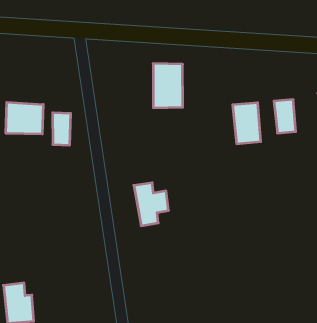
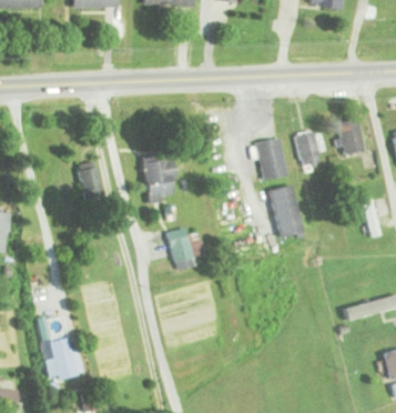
building: [153,64,183,108] -> [142,154,175,200]
building: [6,102,43,134] -> none
building: none -> [268,184,302,238]

